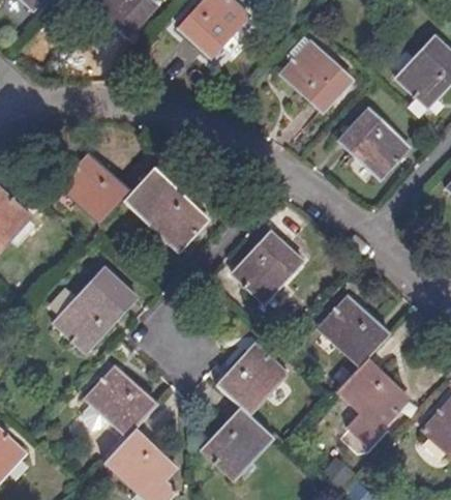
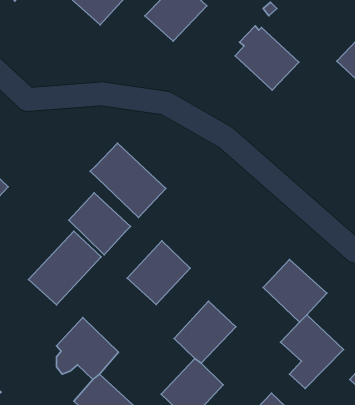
building: [344,105,416,176] -> none
building: [58,154,128,225] -> [69,193,131,255]
building: [231,233,302,305] -> [127,241,190,305]

